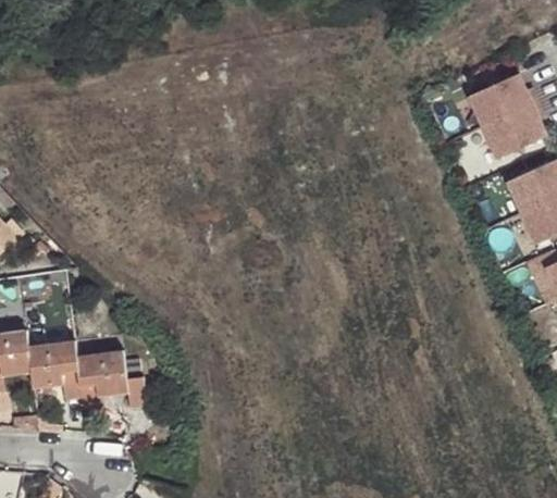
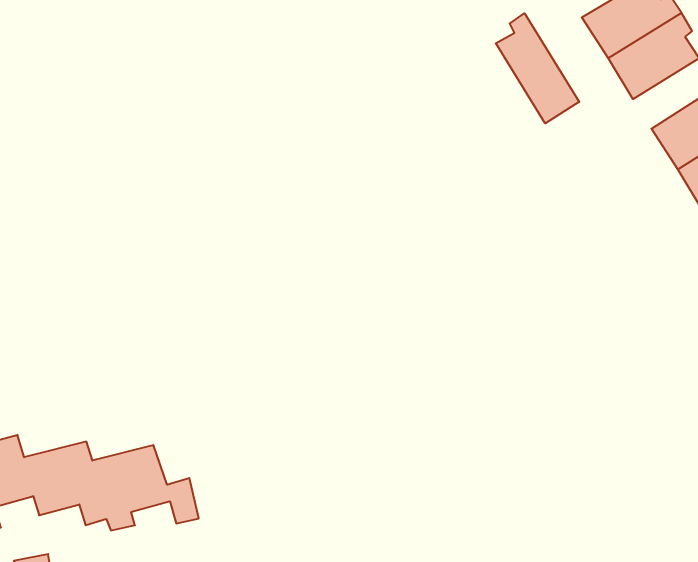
building: none -> [496,13,579,123]

